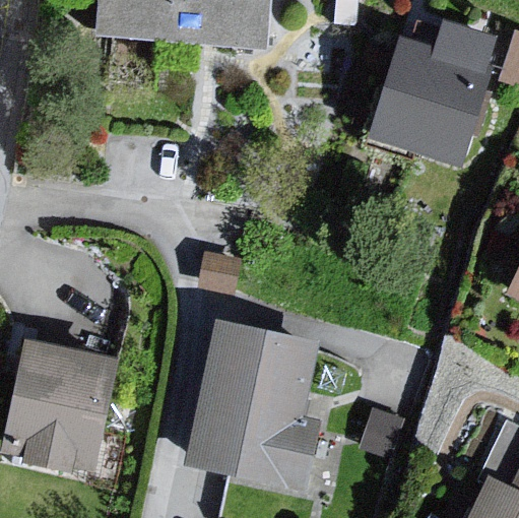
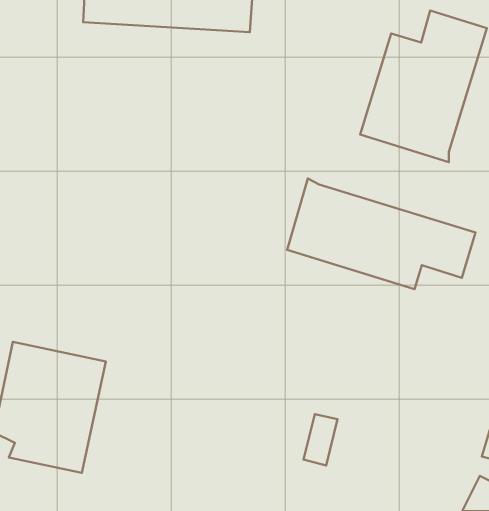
building: none -> [287,179,476,289]
building: [185,319,316,492] -> none

